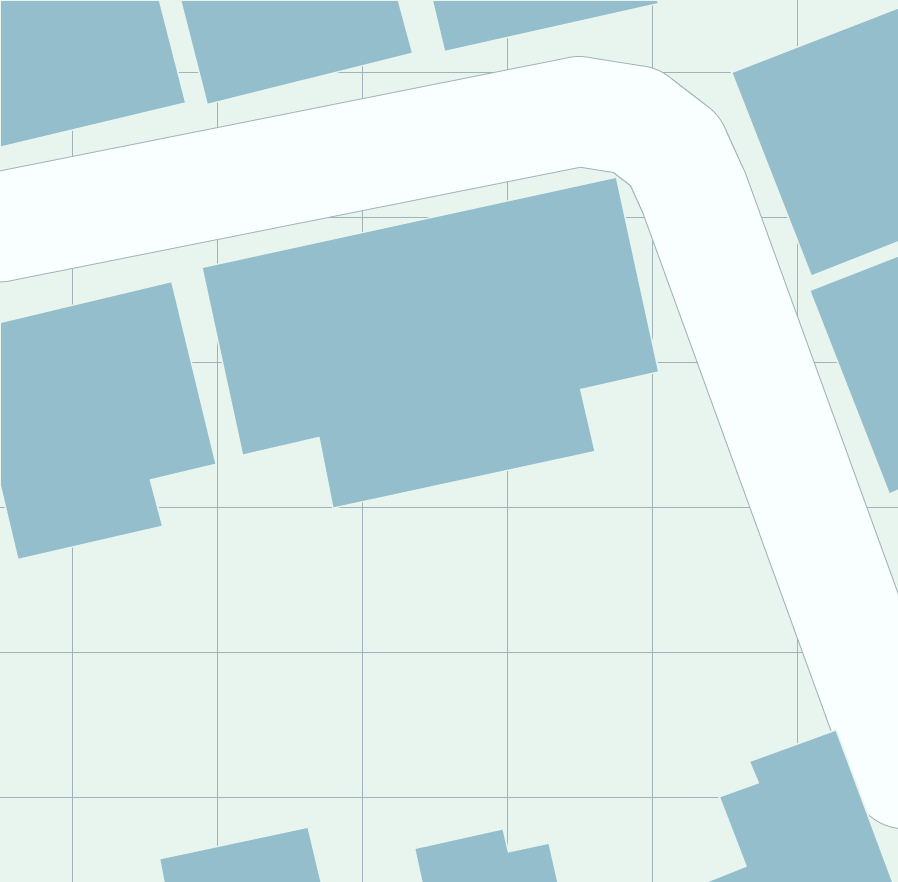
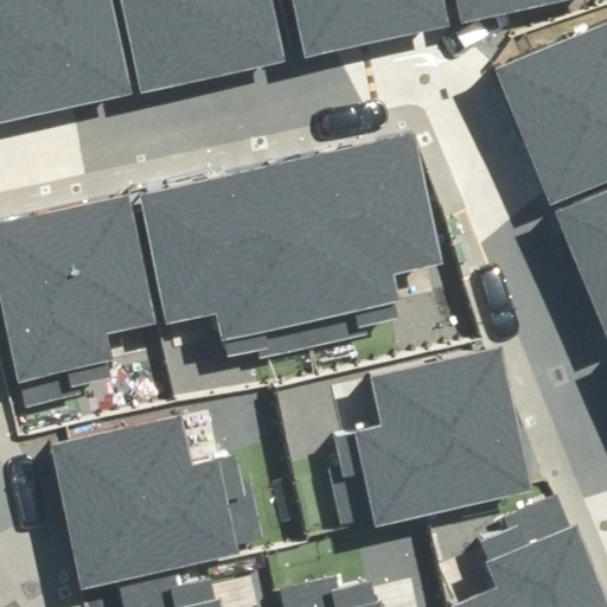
building: none -> [321,341,530,531]
building: none -> [53,420,238,586]

